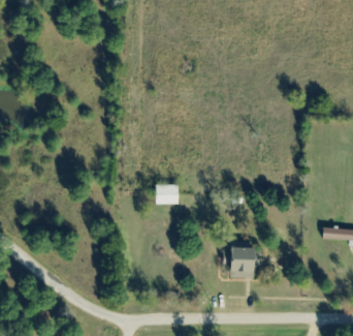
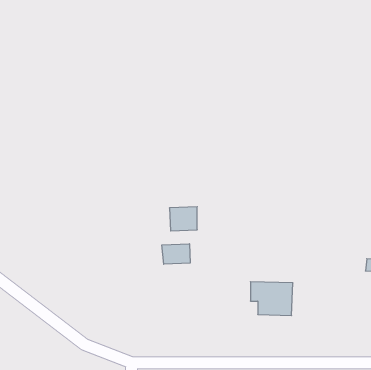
building: none -> [162,244,190,264]

